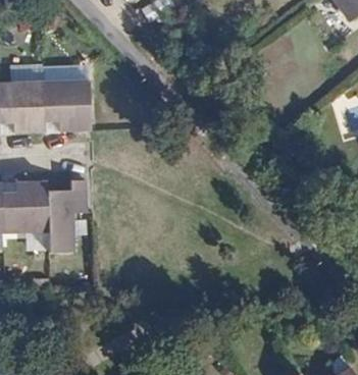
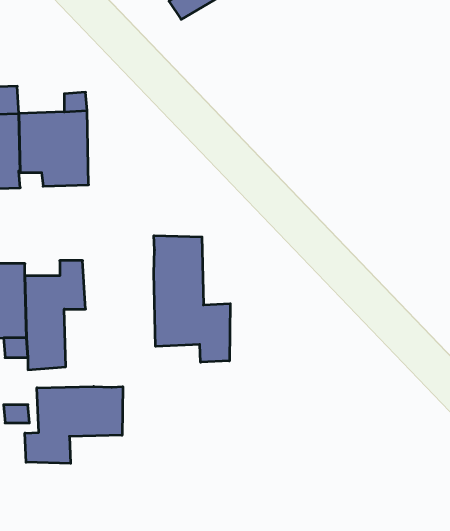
building: none -> [154,236,230,362]
building: none -> [25,386,123,463]

